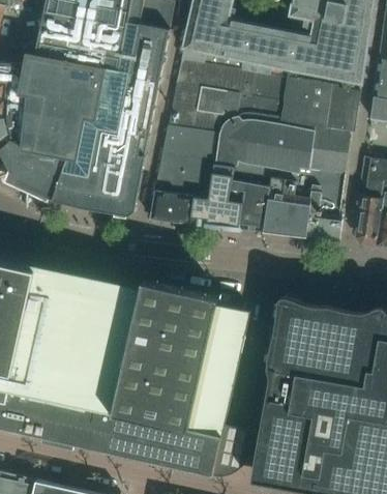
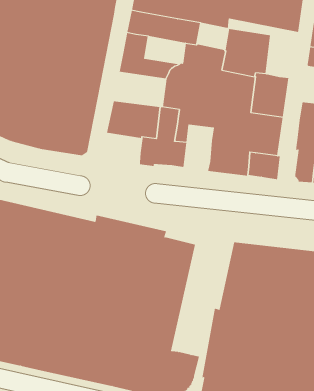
building: [250,72,285,101] -> none
building: [325,86,359,132] -> none
building: [195,87,238,117] -> none
building: [160,125,217,163] -> none
building: [237,182,268,231] -> none
building: [148,191,191,223] -> none

